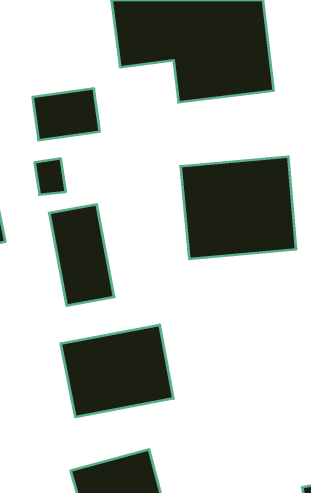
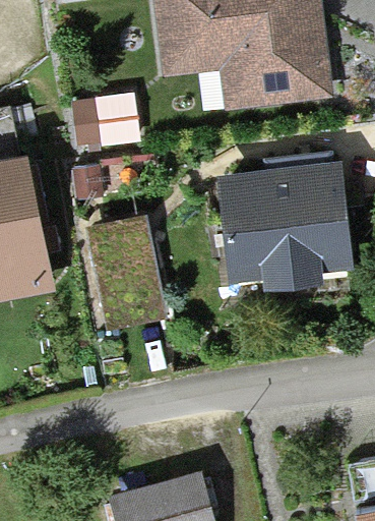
building: [61,325,173,417] -> none

